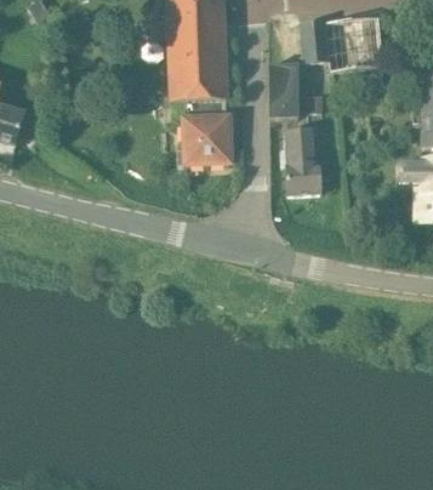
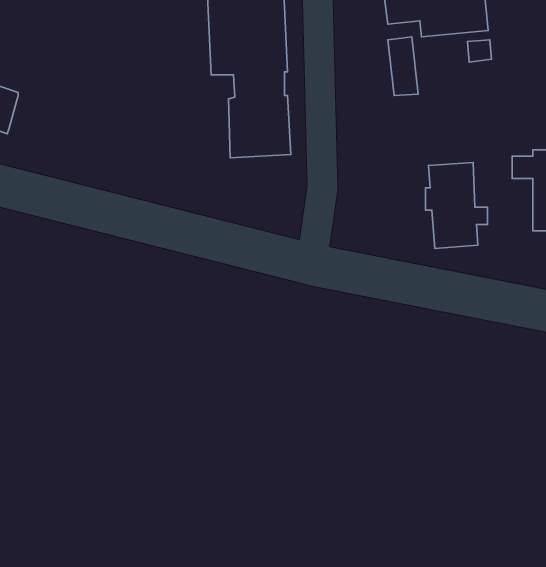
building: [269,62,297,115] -> none
building: [280,127,327,193] -> [425,162,488,248]

